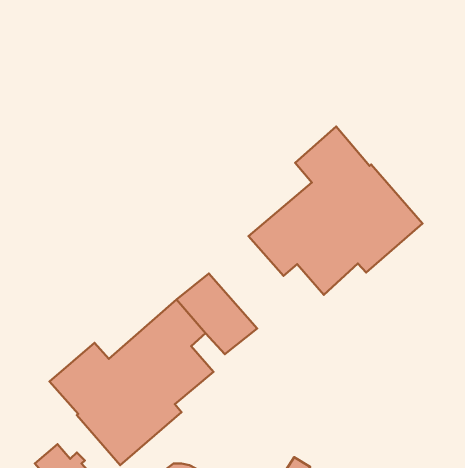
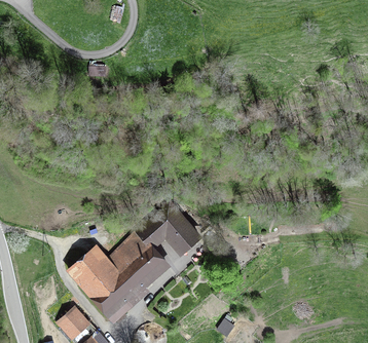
building: [249,127,423,295] -> none

